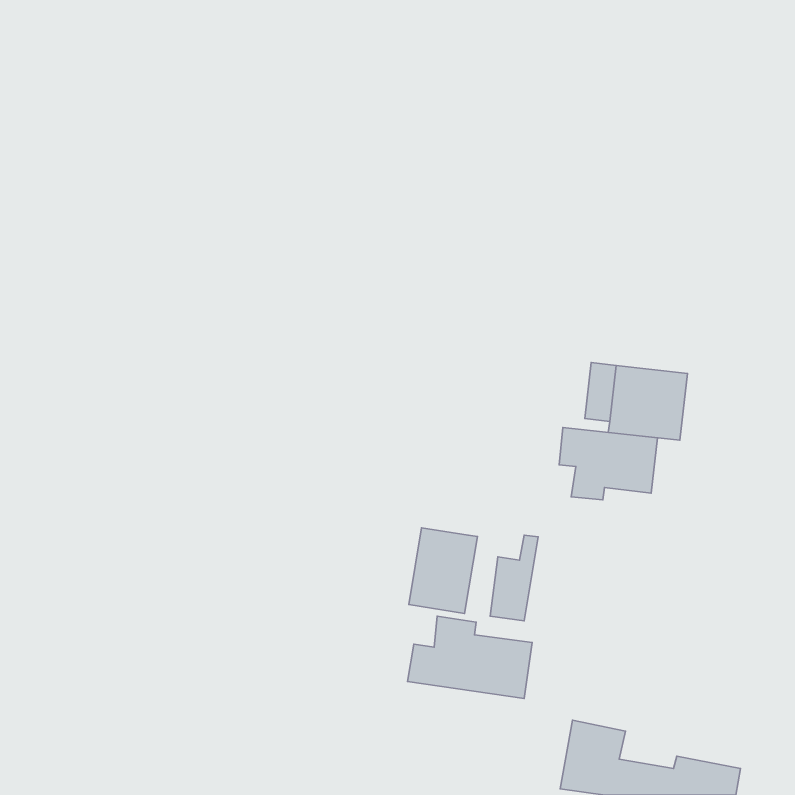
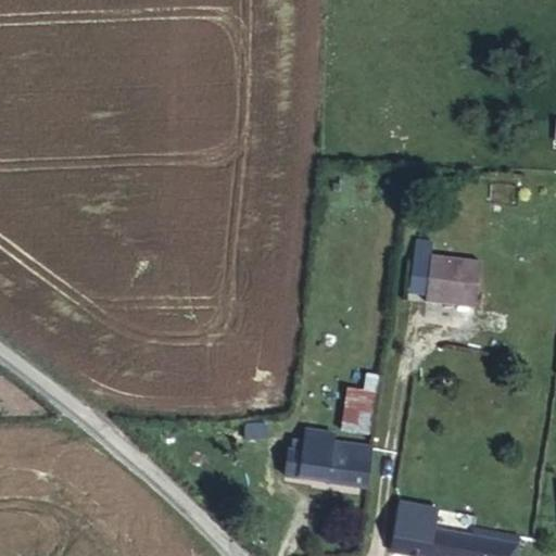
building: [559,428,657,500] -> none
building: [409,528,477,613] -> none

